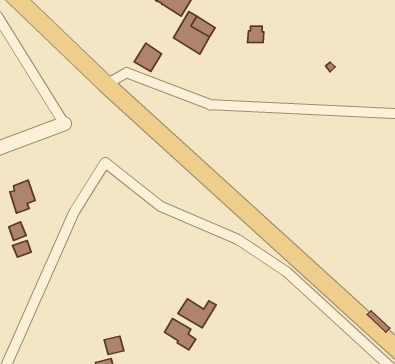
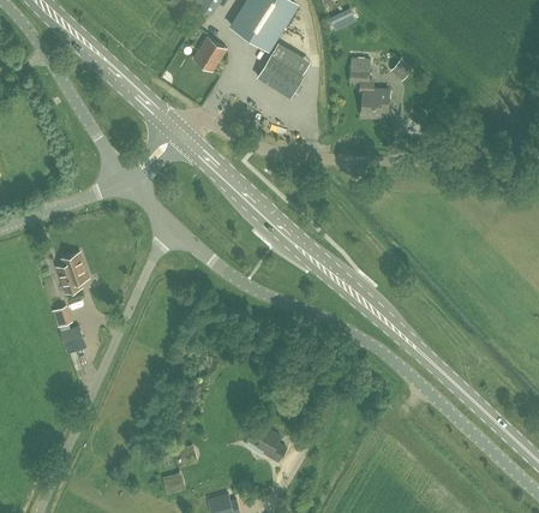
building: [134,43,161,71] -> [192,36,226,71]
building: none -> [361,89,388,117]
building: [178,299,216,328] -> none

